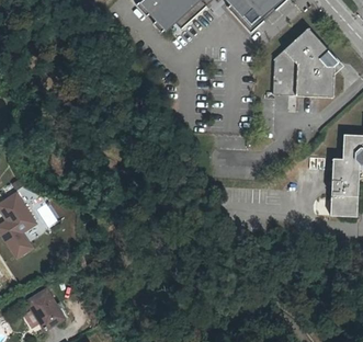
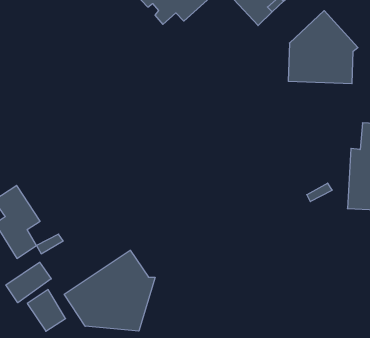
building: none -> [64,250,155,331]
building: none -> [6,262,51,303]

